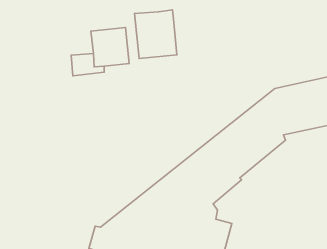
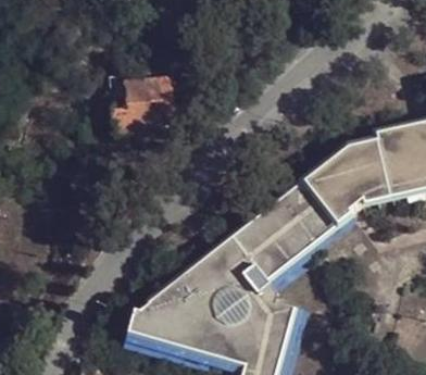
building: [135,10,177,59] -> none

